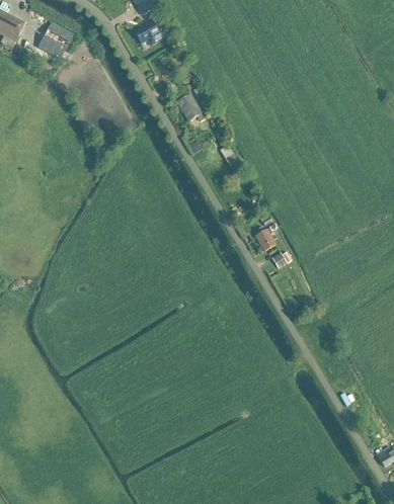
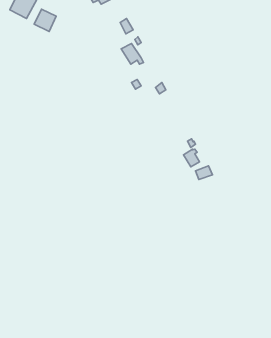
building: none -> [34,9,56,32]

